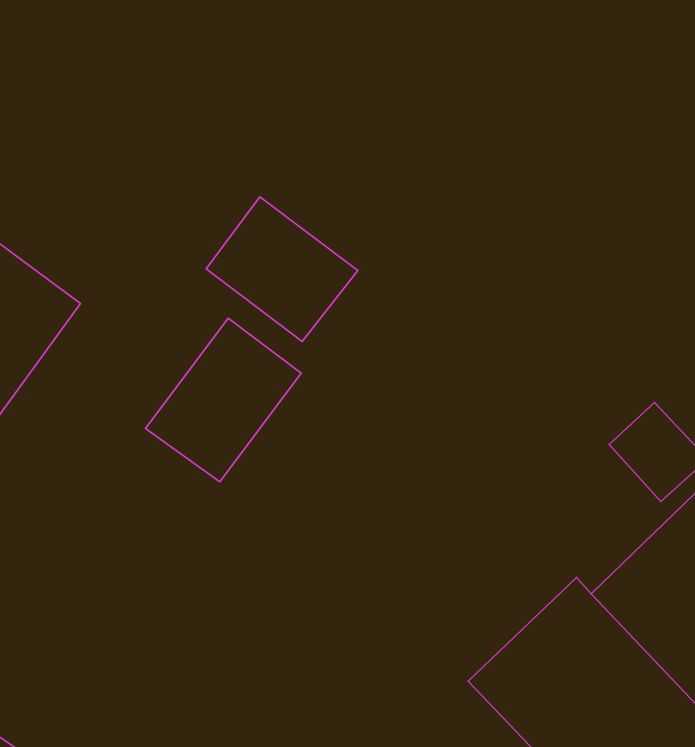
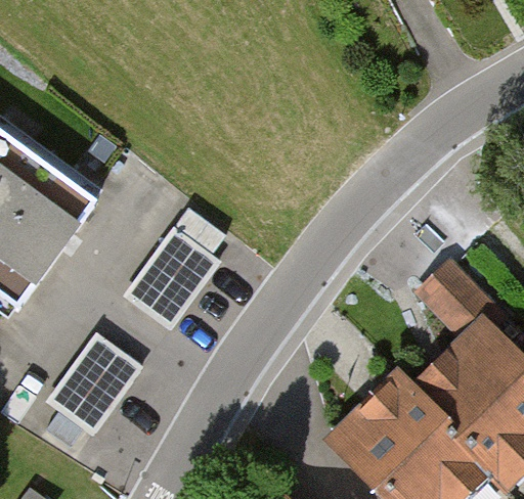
building: [206,197,358,342] -> none
building: none -> [44,323,146,445]

